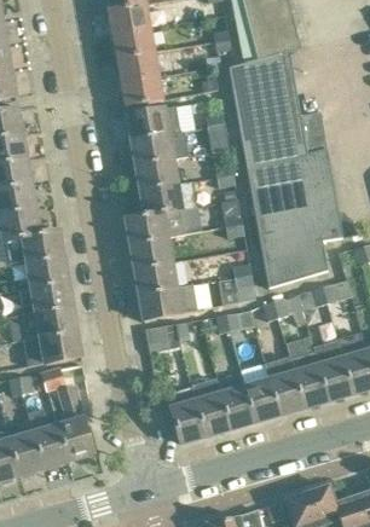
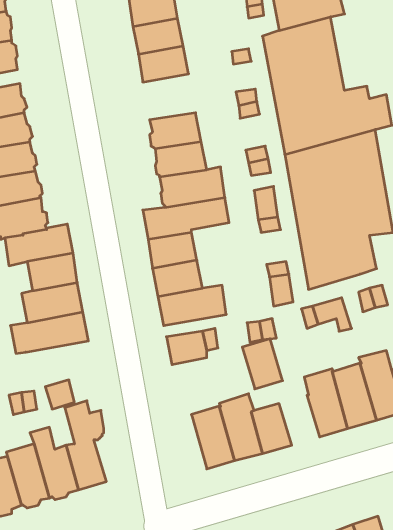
building: [127,109,180,140] -> none
building: [23,332,82,367] -> none
building: [243,380,278,423] -> [242,339,283,389]

